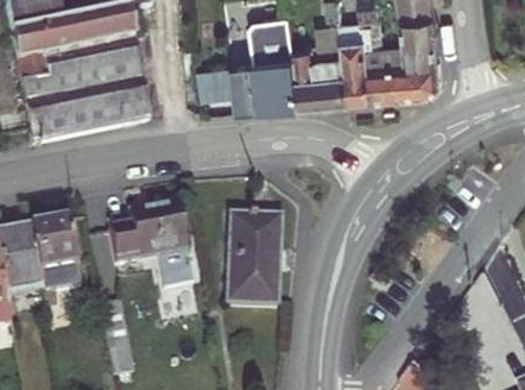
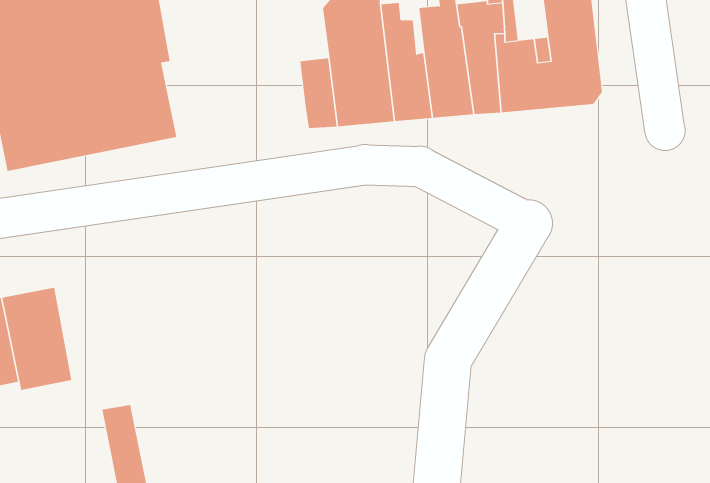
building: [197,63,238,99] -> none
building: [107,205,191,287] -> none
building: [226,213,279,304] -> none

